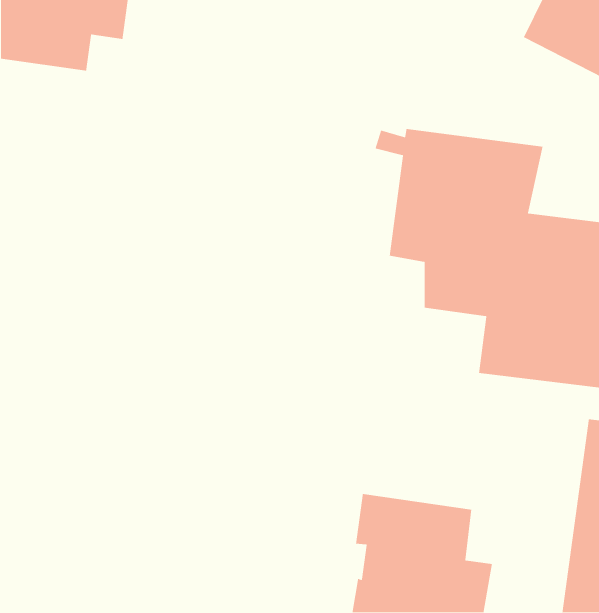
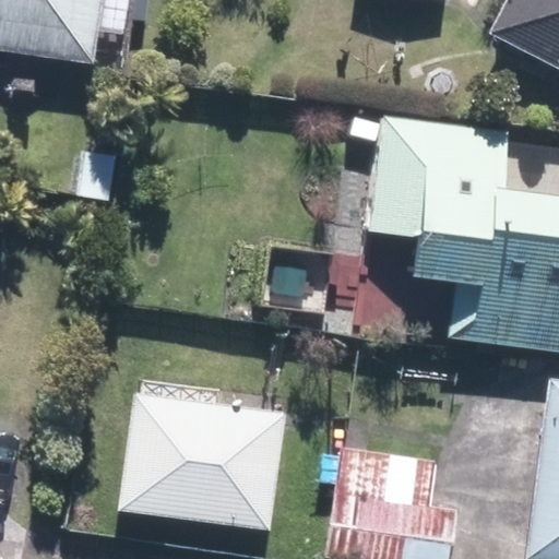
building: none -> [117,394,286,530]

